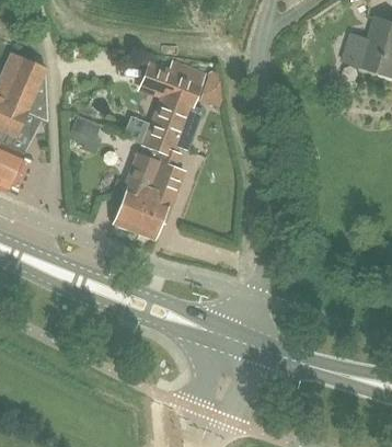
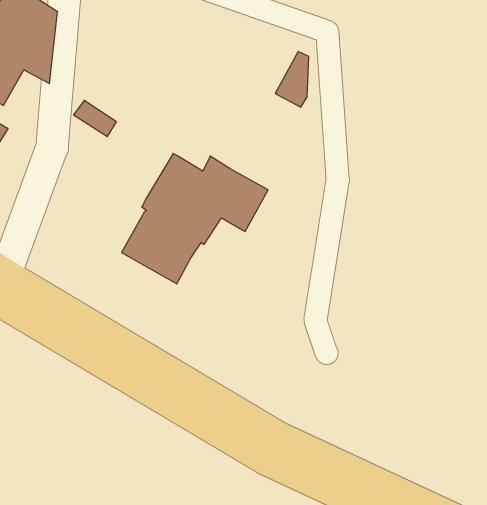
building: [136,62,201,157] -> none

